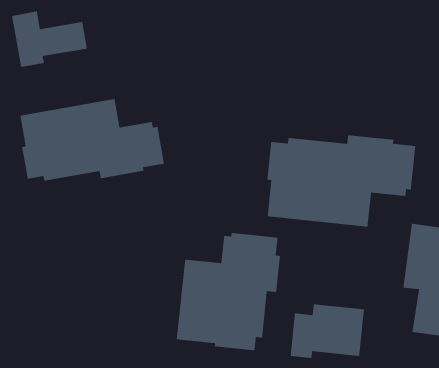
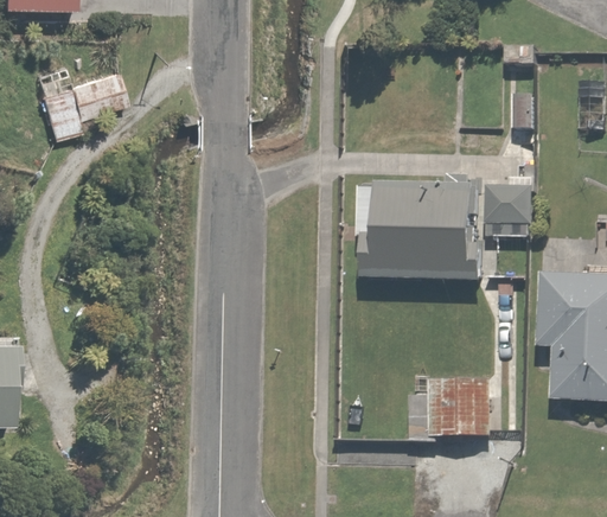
building: [19,98,165,182] -> none
building: [176,232,281,351] -> none

